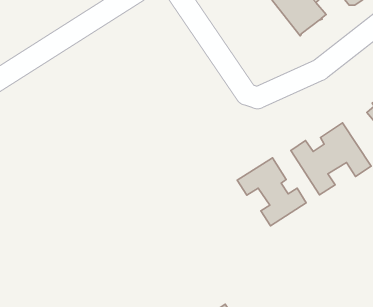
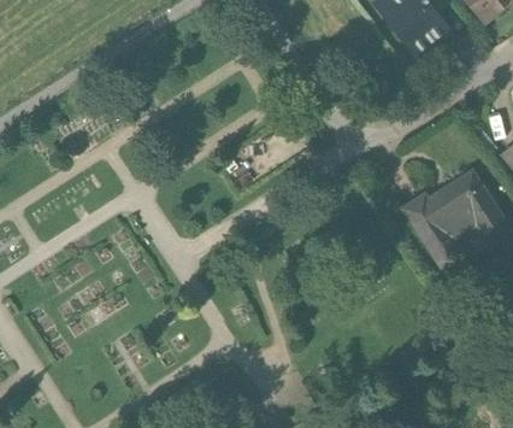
building: [237,158,306,226] -> none

